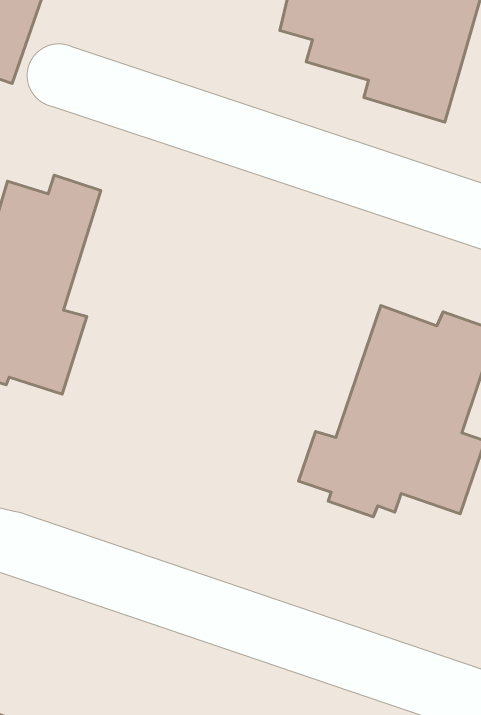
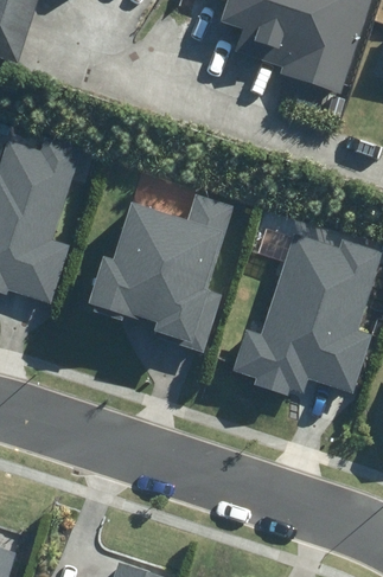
building: none -> [88,194,234,352]

